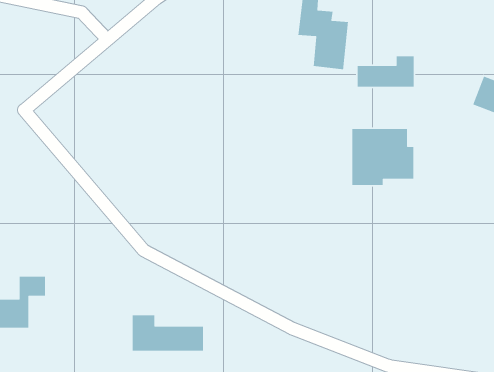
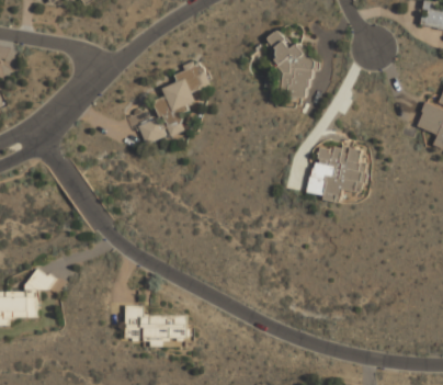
building: none -> [133,61,207,145]
building: [357,55,415,87] -> none

